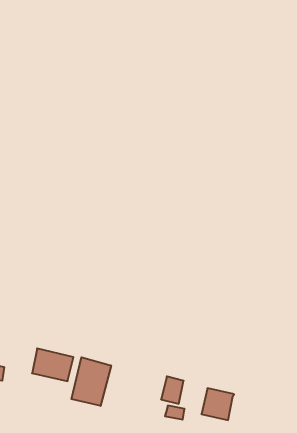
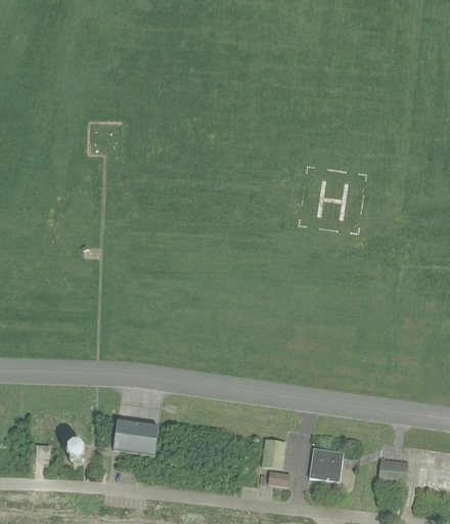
building: [71,357,111,406] -> none
building: none -> [378,458,408,482]

